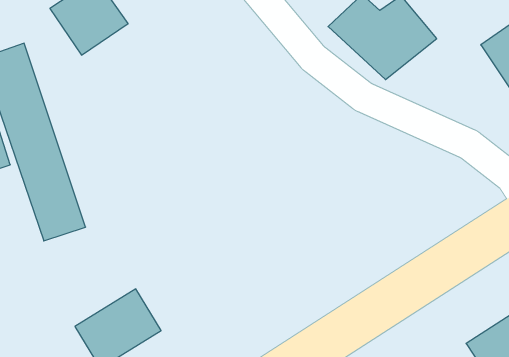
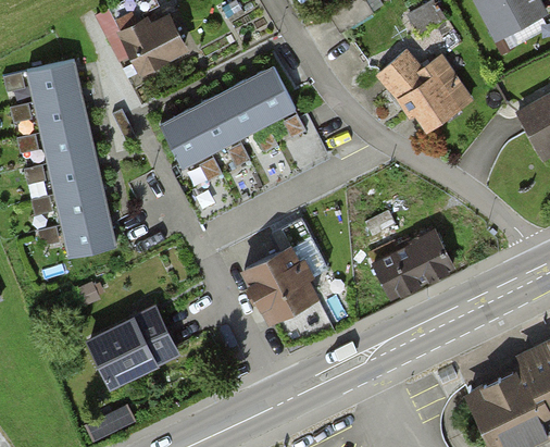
building: none -> [164,67,293,163]
building: none -> [376,232,453,297]
building: none -> [248,243,317,313]

